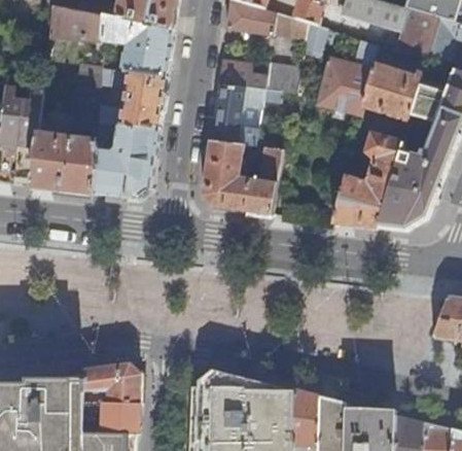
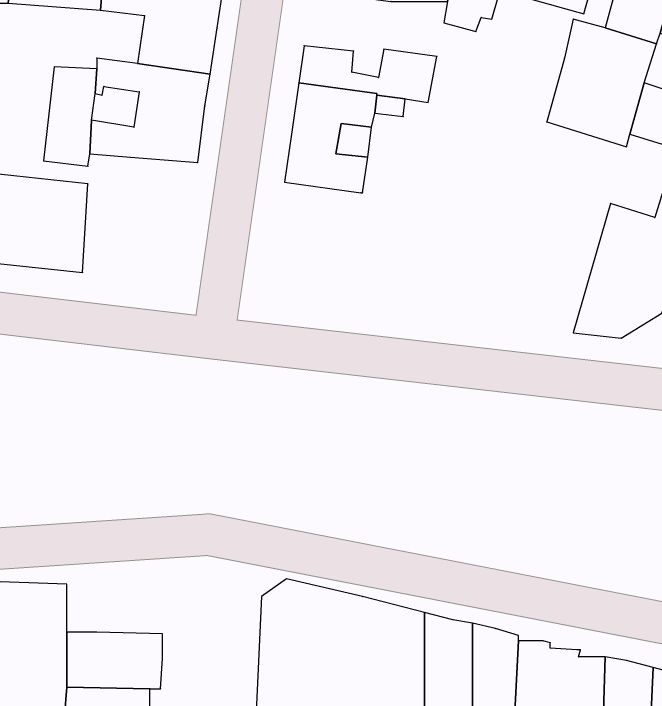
building: [315,57,371,116] -> none
building: [92,126,158,199] -> none
building: [331,134,400,228] -> none
building: [201,140,282,215] -> none
building: [82,363,139,403] -> none

